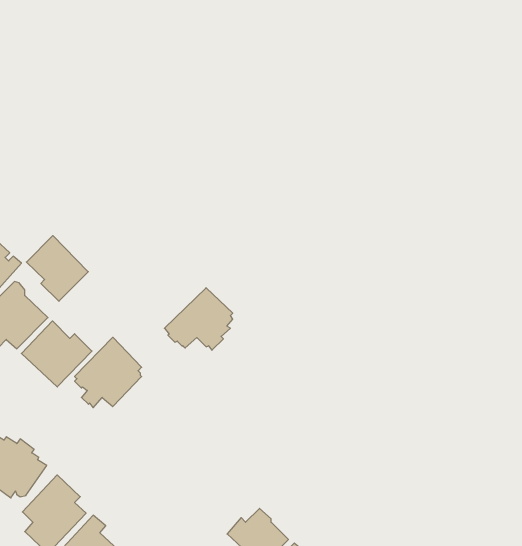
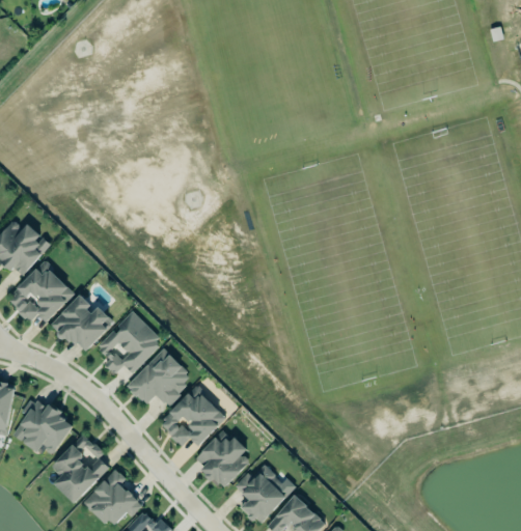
building: [26,236,88,301] -> none
building: [164,288,233,350] -> [127,348,188,404]
building: none -> [162,386,226,446]
building: none -> [196,430,248,486]

